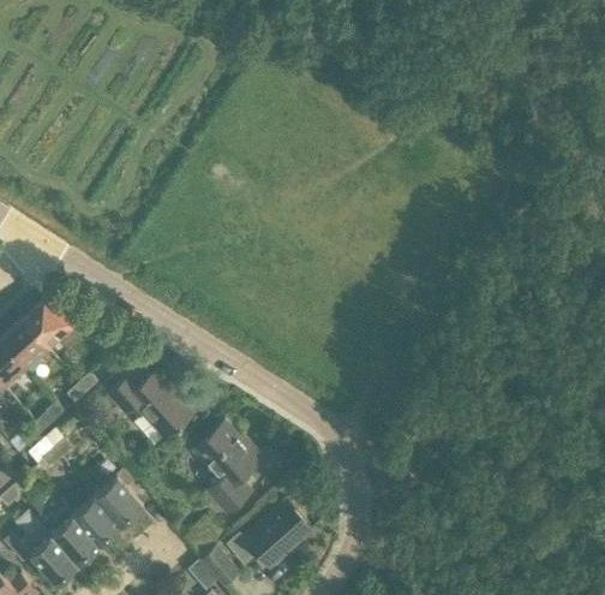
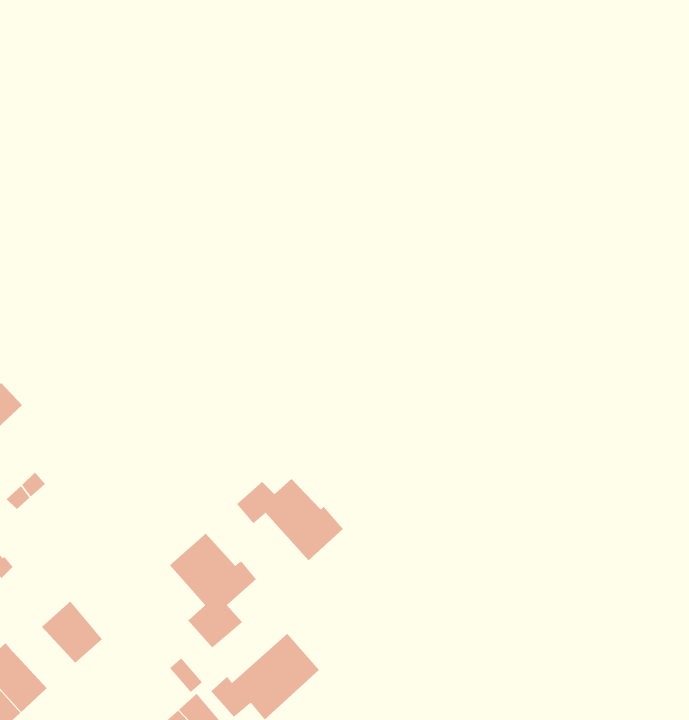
building: [108,374,192,439] -> [236,478,344,561]
building: [72,495,120,543] -> none

